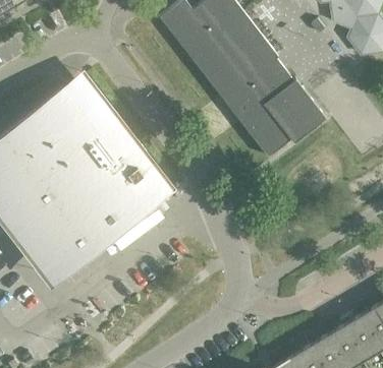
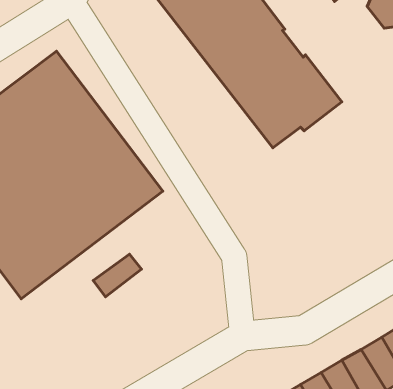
building: none -> [93,254,141,297]

